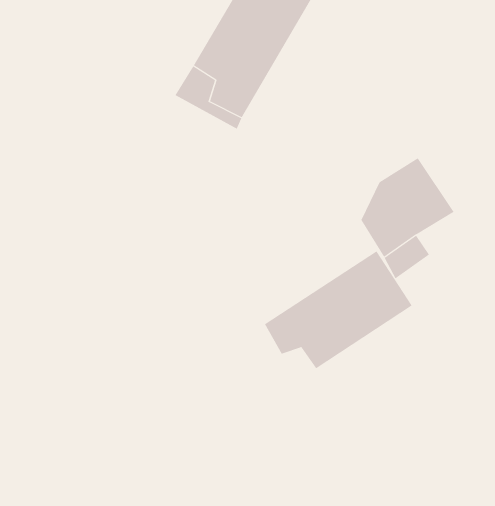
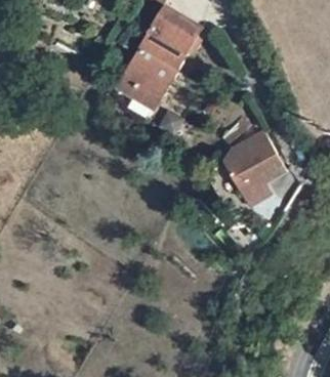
building: [264,251,413,369] -> none

